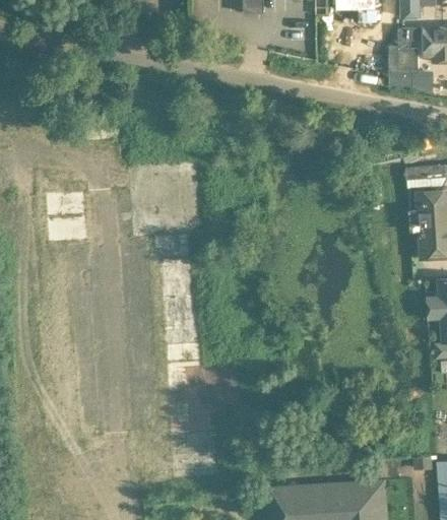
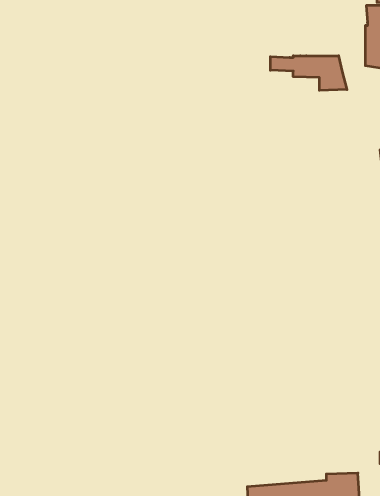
building: none -> [270,56,347,90]

